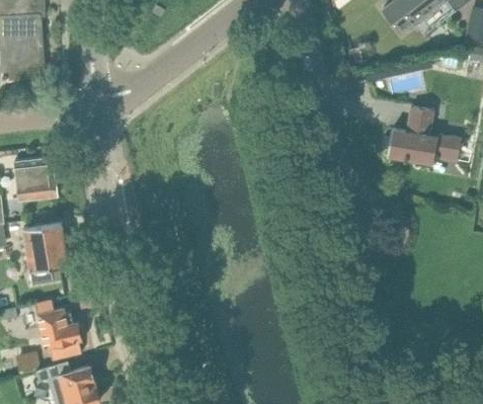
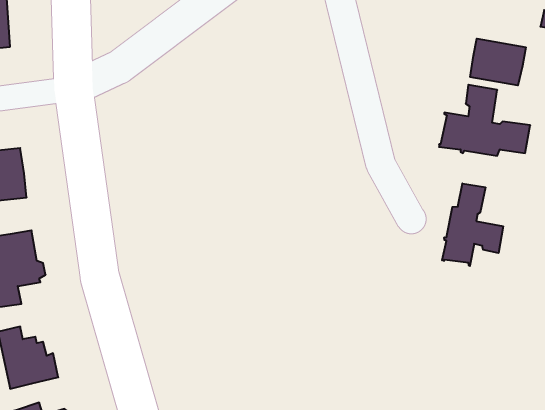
building: none -> [470,39,526,85]
building: none -> [442,183,503,266]

